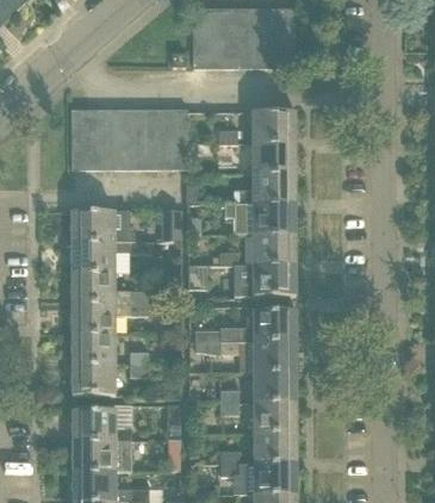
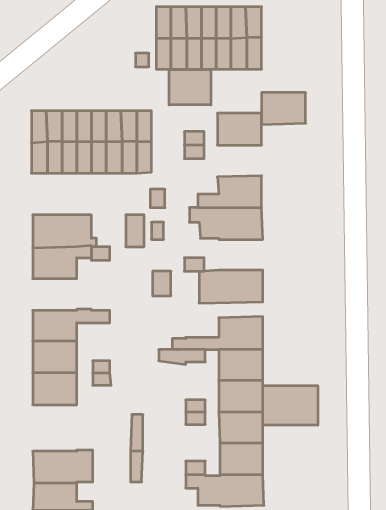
building: none -> [169,69,211,105]
building: [251,143,294,174] -> [262,93,306,124]
building: [253,235,296,265] -> none
building: [72,273,147,304] -> none
building: none -> [263,386,318,425]
building: [72,410,130,441] -> none

